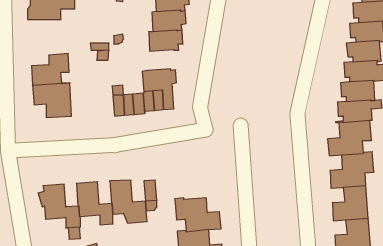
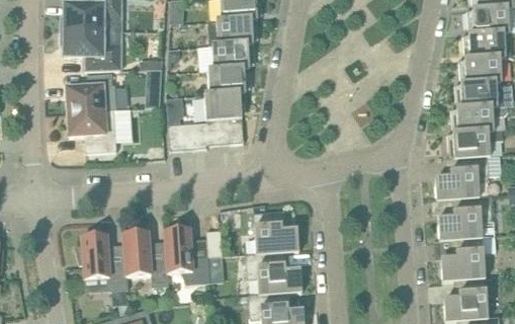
building: none -> [62,29,120,70]
building: none -> [208,67,251,93]
building: none -> [253,211,299,254]

